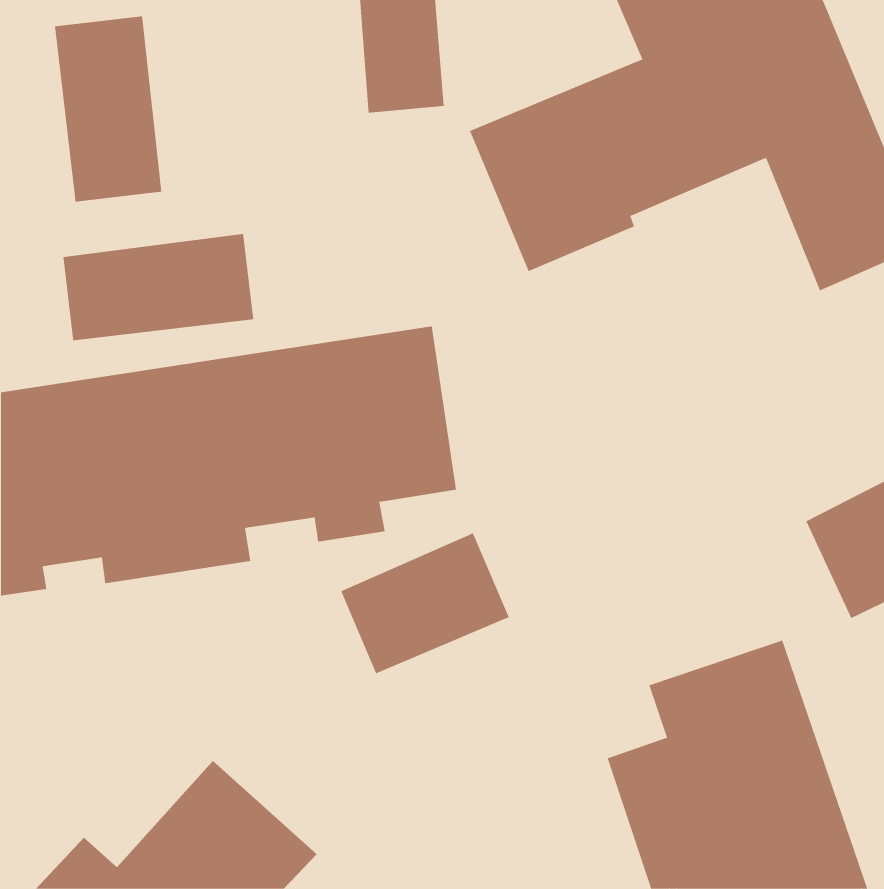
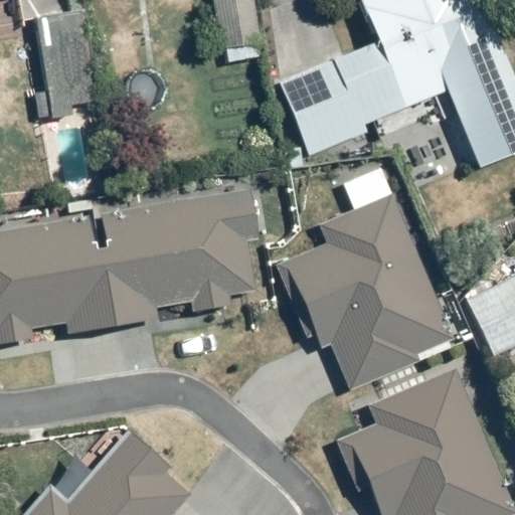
building: [63,233,254,341] -> none
building: none -> [283,165,455,388]
building: [340,532,509,674] -> none

